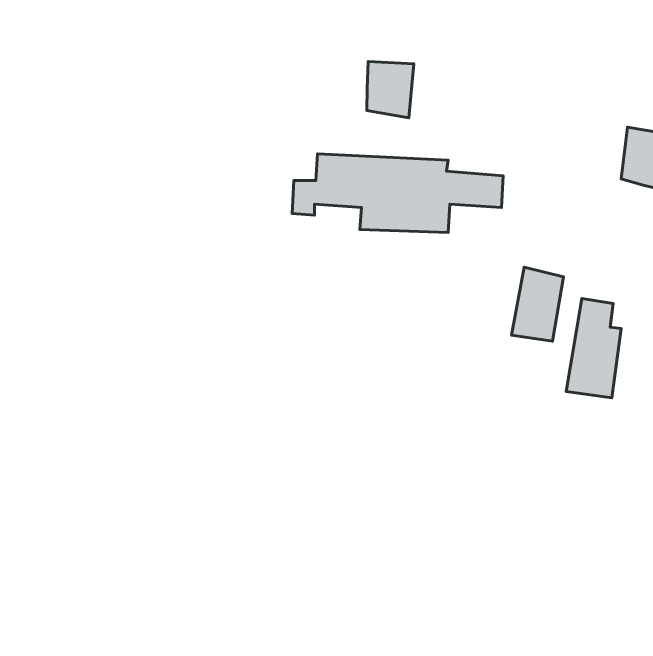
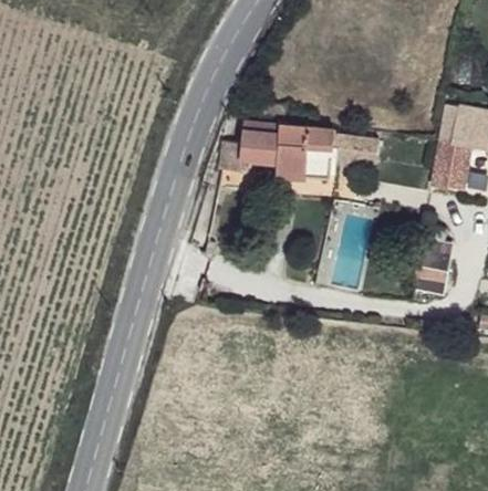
building: [367,62,414,118] -> none
building: [512,267,564,341] -> [432,138,468,190]

